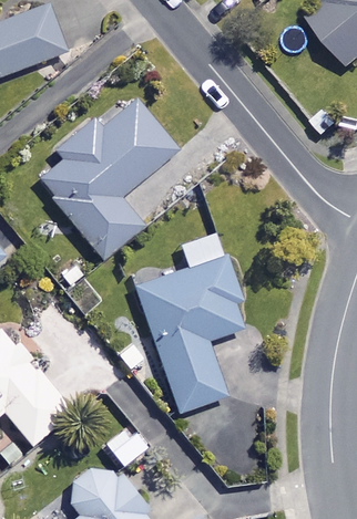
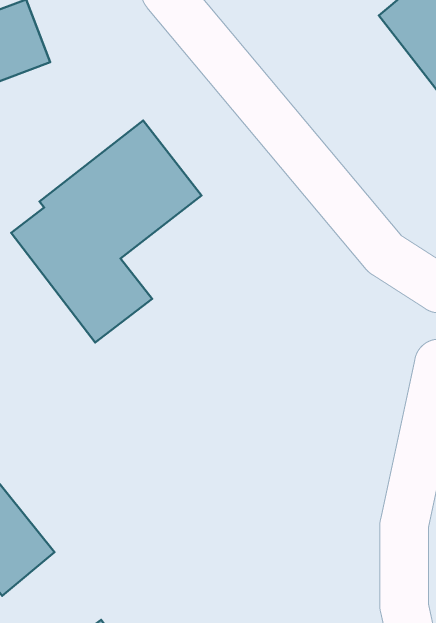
building: [136,256,244,413] -> none

